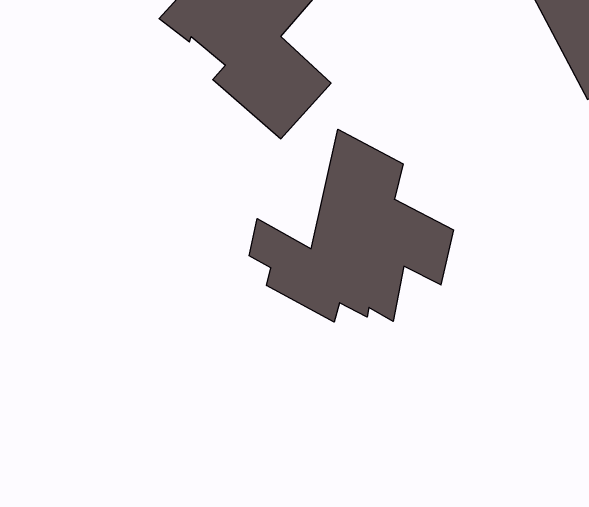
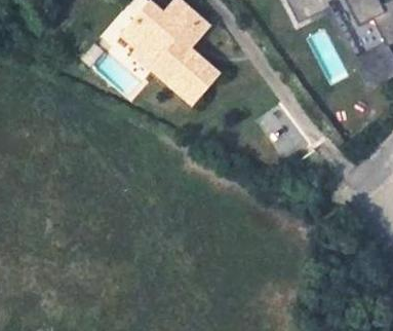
building: [249,129,453,322] -> none

